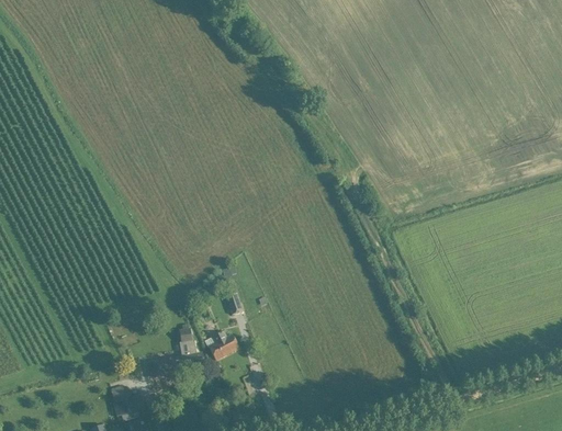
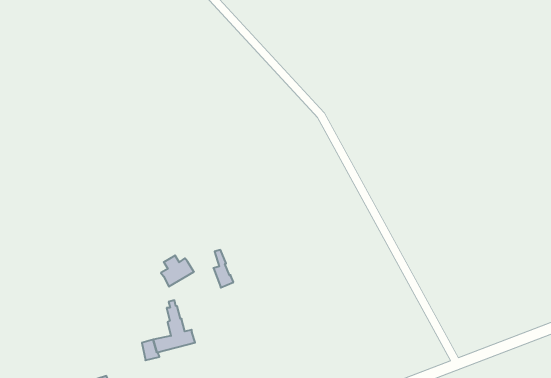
building: [207,330,238,359] -> [161,255,194,287]

